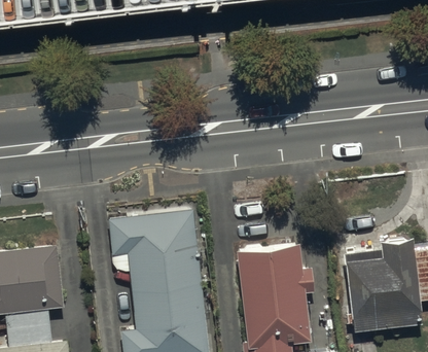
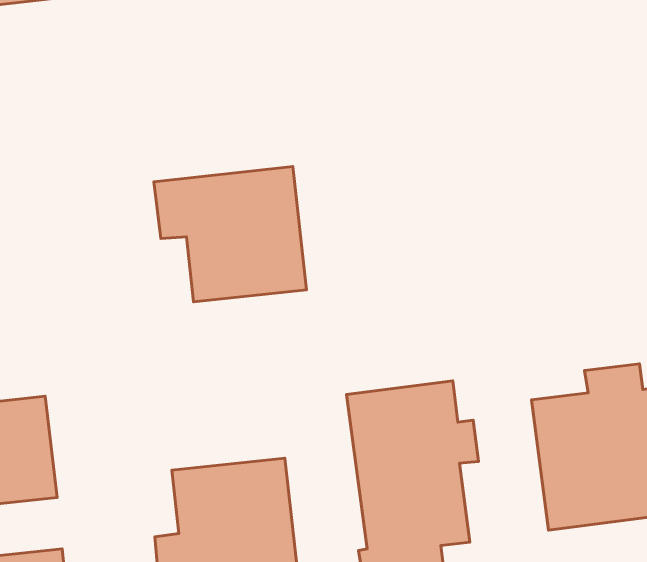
building: [108,214,200,295] -> [154,166,306,302]

